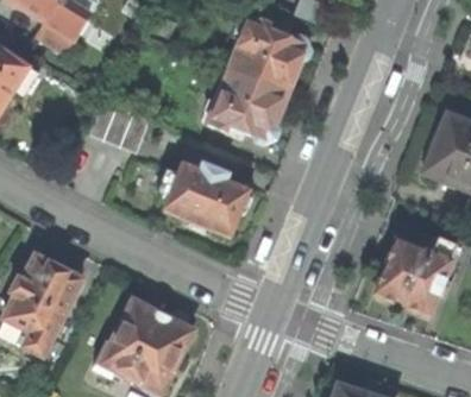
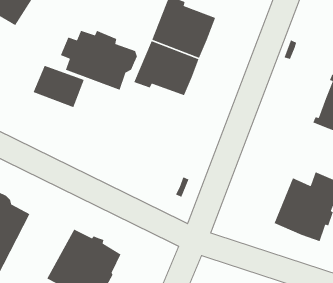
building: [157,160,251,234] -> [60,30,138,91]

